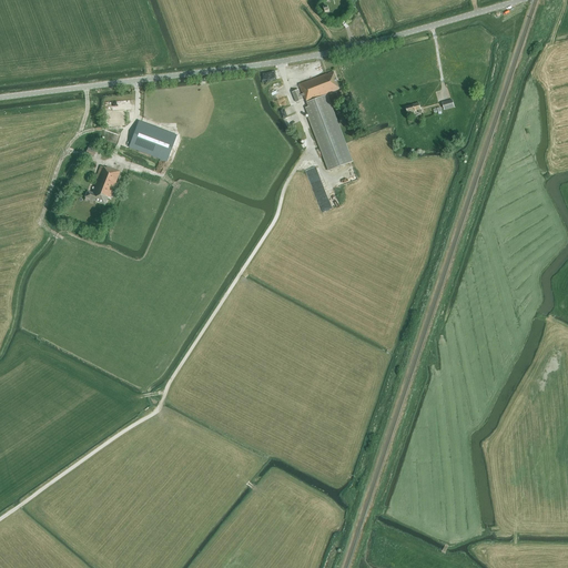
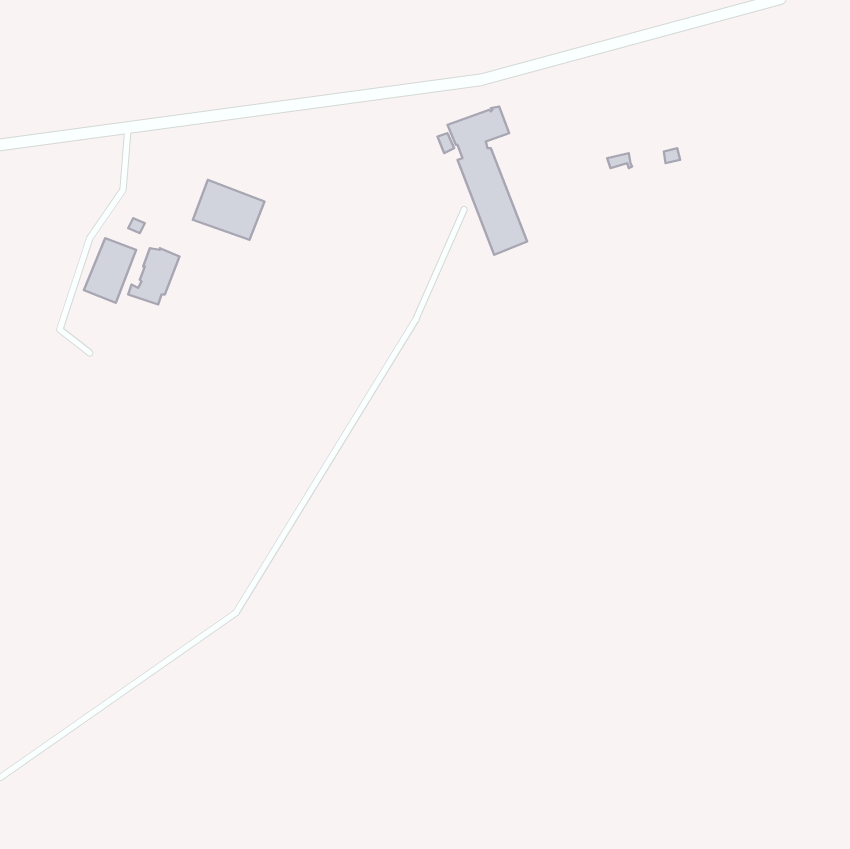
building: none -> [84,238,136,303]

